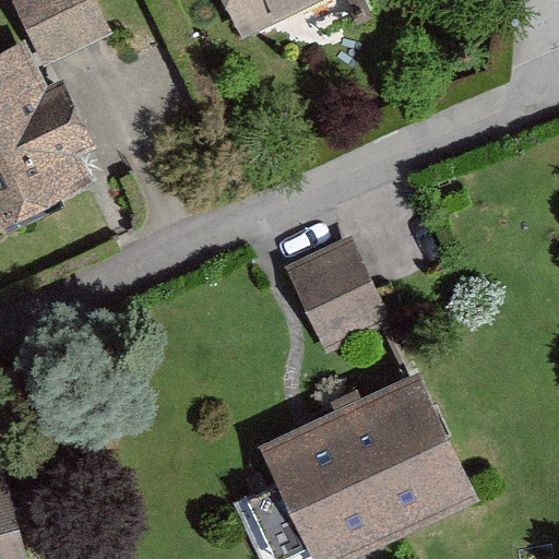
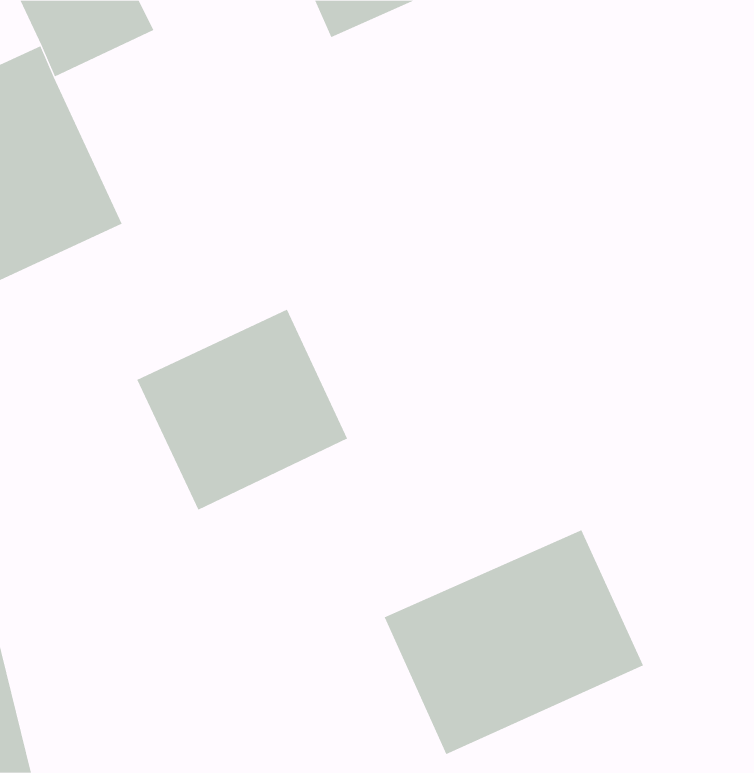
building: none -> [137,309,348,511]
building: [275,241,382,360] -> none

